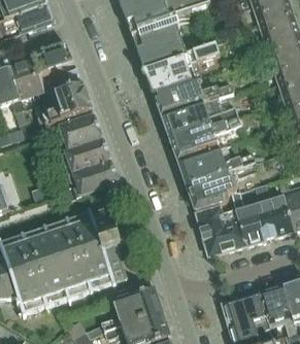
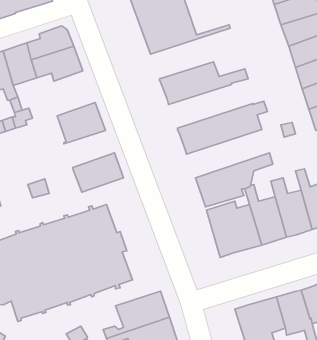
building: [144,46,220,93] -> none
building: [41,85,93,126] -> none
building: [161,98,238,138] -> none
building: [177,139,254,183] -> none
building: [56,140,111,178] -> none

